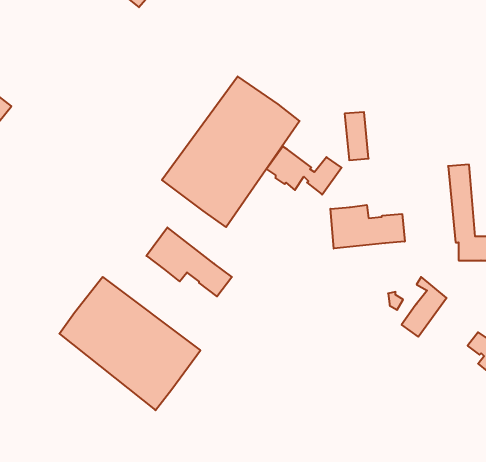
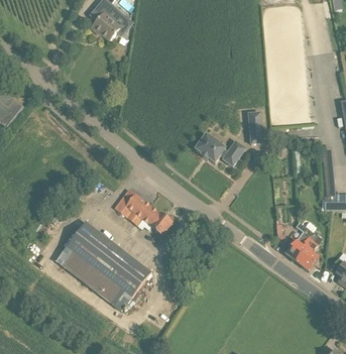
building: [162,76,300,227] -> none
building: [330,205,405,249] -> none
building: none -> [296,232,323,270]

